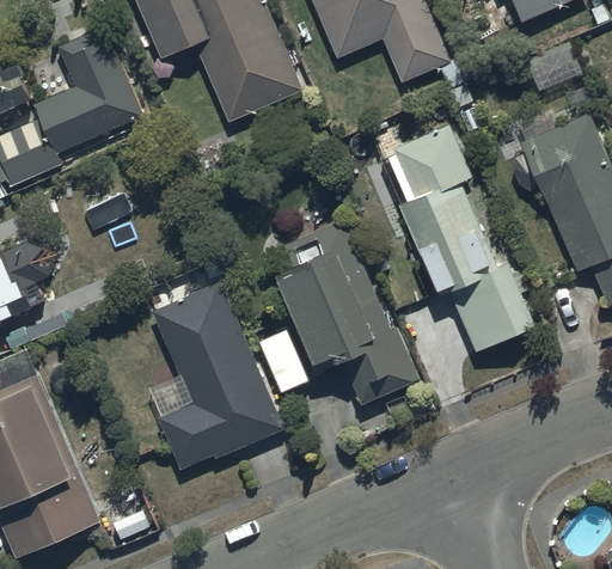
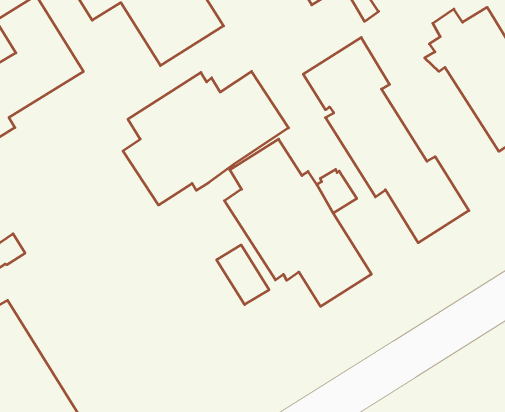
building: none -> [123,71,289,205]
building: [148,280,284,471] -> none

